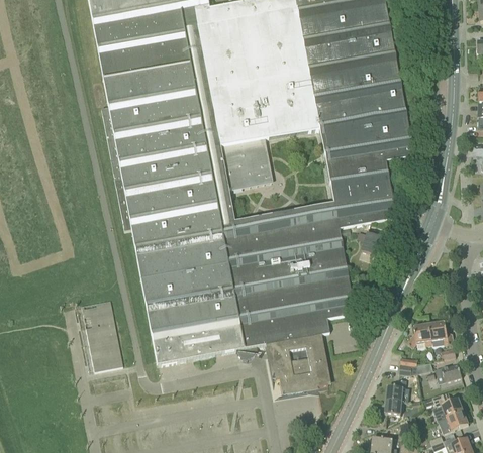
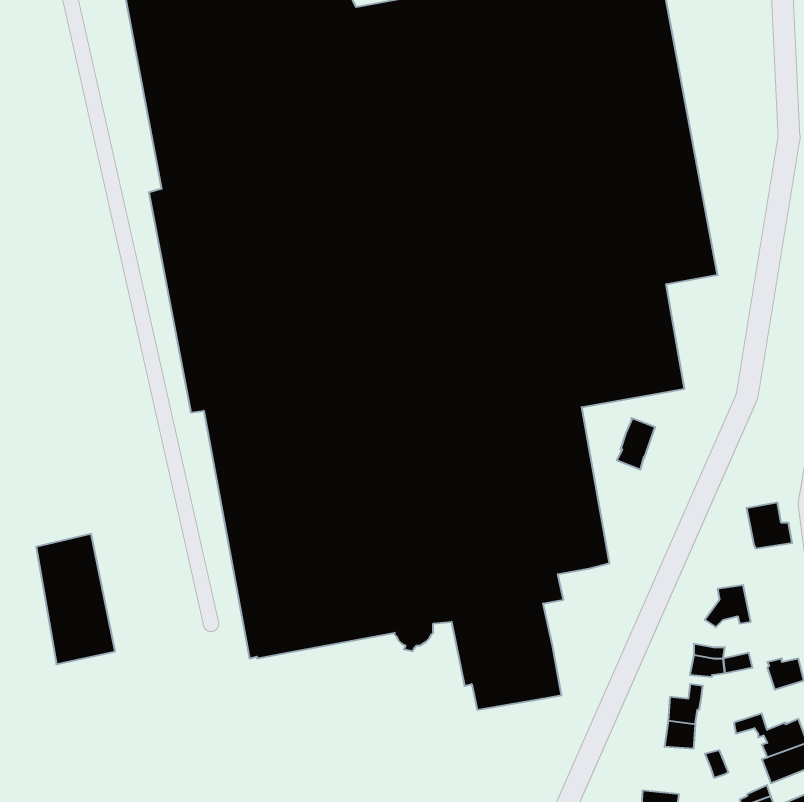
building: [82,301,125,372] -> [36,534,115,664]
building: [428,320,454,345] -> [746,503,792,548]

